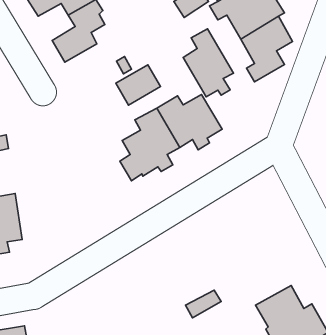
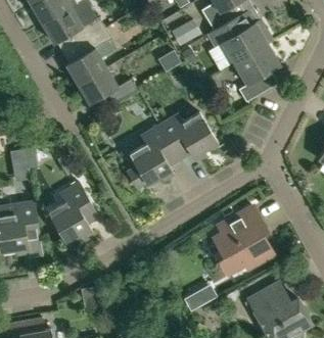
building: [183,29,233,97] -> none
building: [116,65,161,105] -> [78,68,118,104]
building: none -> [48,183,99,243]
building: none -> [214,207,273,273]

